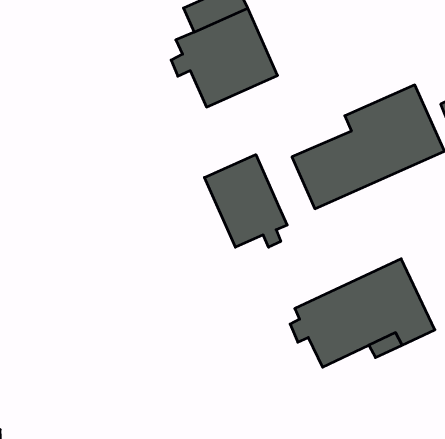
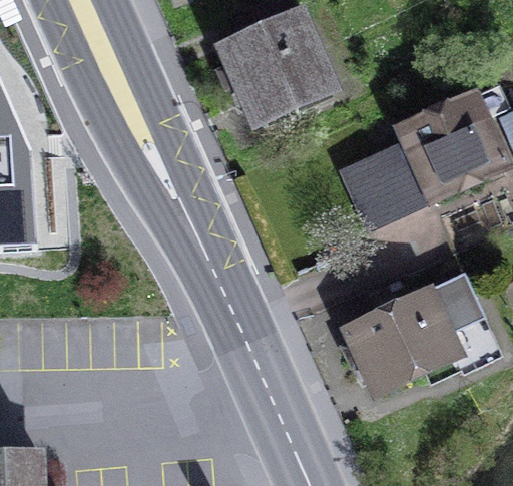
building: [204,155,287,247] -> none

